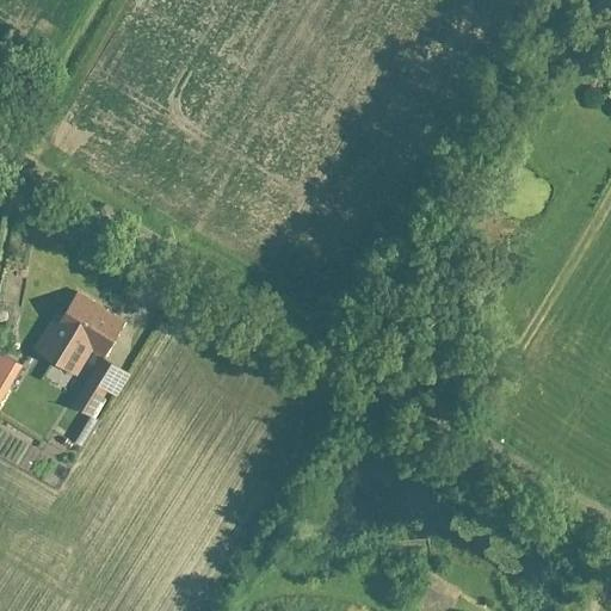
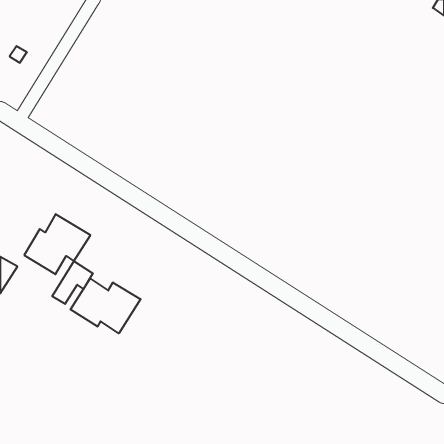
building: none -> [71,278,141,333]

